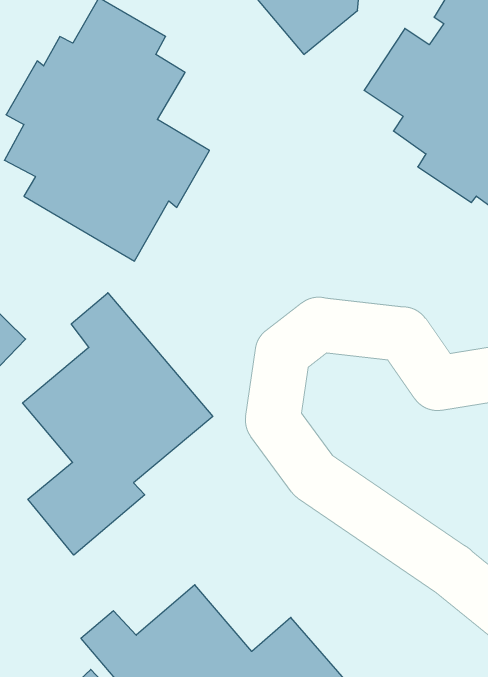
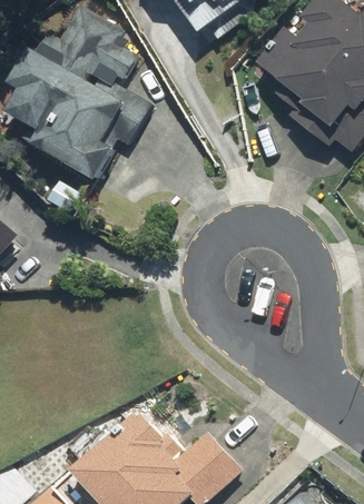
building: [23,293,213,555] -> none

